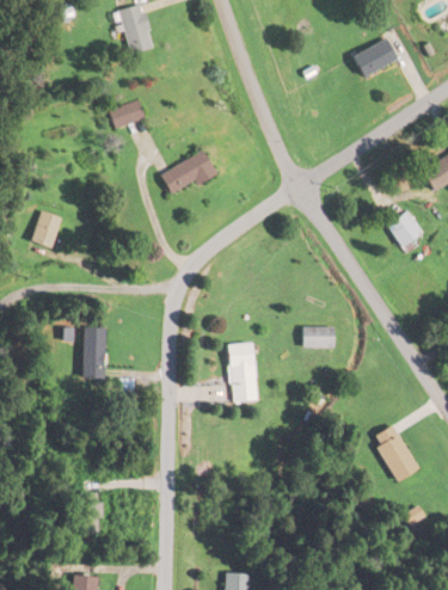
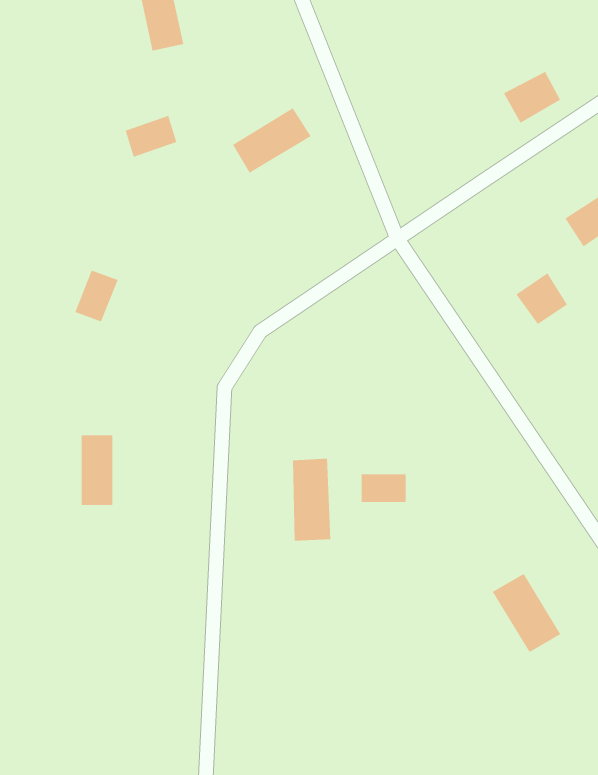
building: [352,42,393,79] -> [503,71,561,124]
building: [161,150,217,197] -> [232,108,312,173]
building: [30,209,61,246] -> [74,270,118,322]
building: [303,325,336,345] -> [361,474,407,502]

